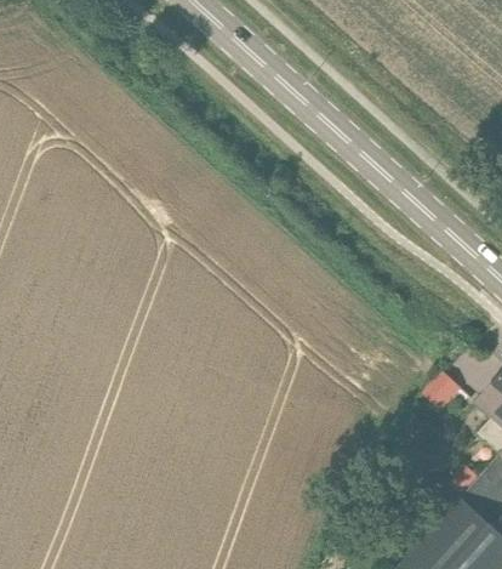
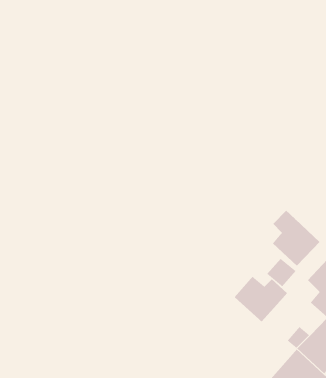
building: none -> [272,210,321,266]
building: none -> [234,276,288,323]

